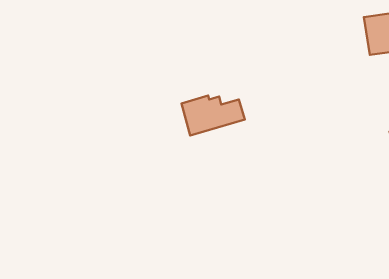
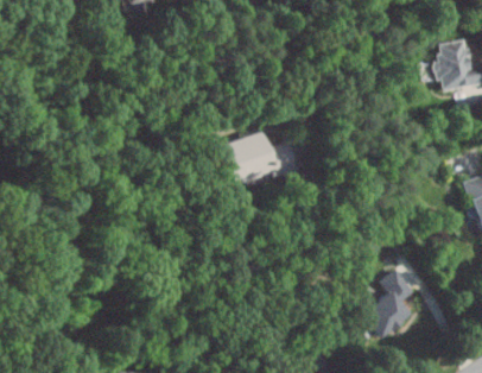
building: none -> [363,270,419,340]

